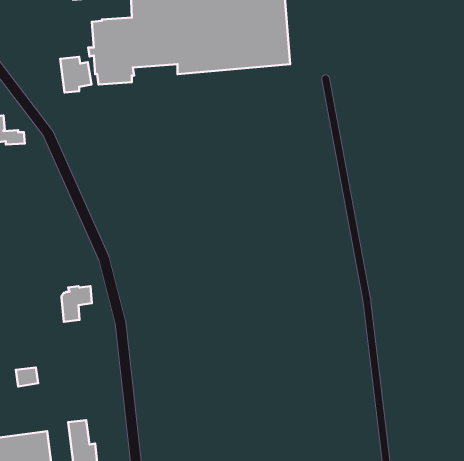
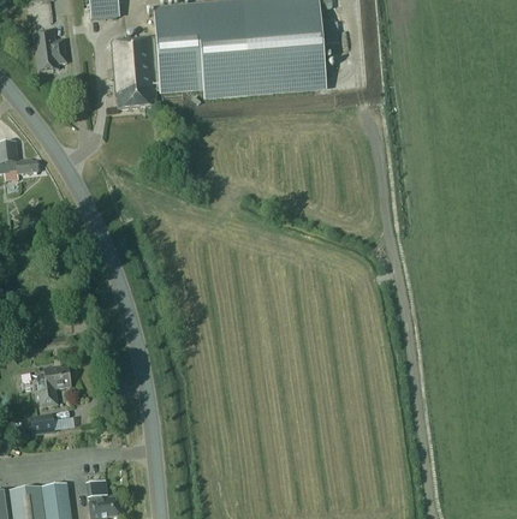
building: [60,57,91,92] -> [32,32,66,71]
building: [62,286,92,322] -> [37,366,70,405]

